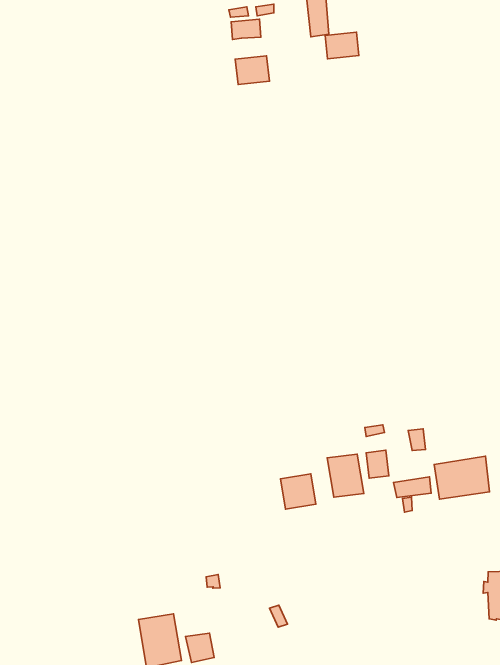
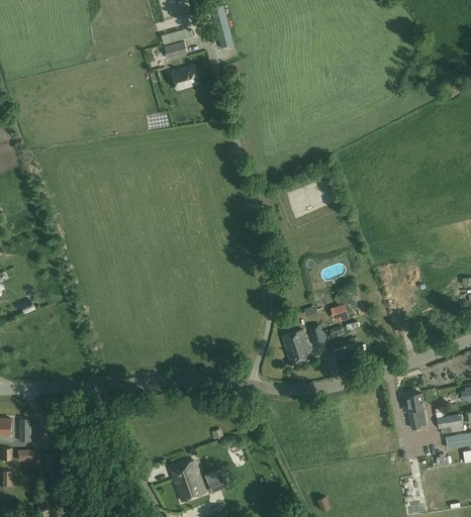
building: [325,32,359,59] -> none
building: [434,456,490,499] -> none
building: [281,474,316,509] -> none

